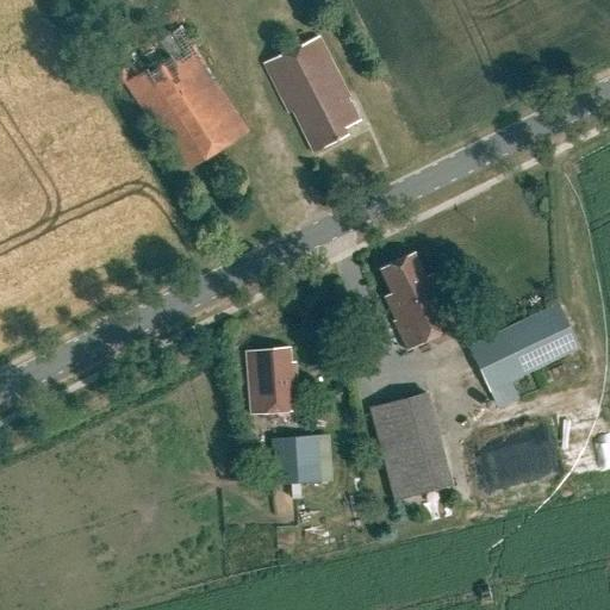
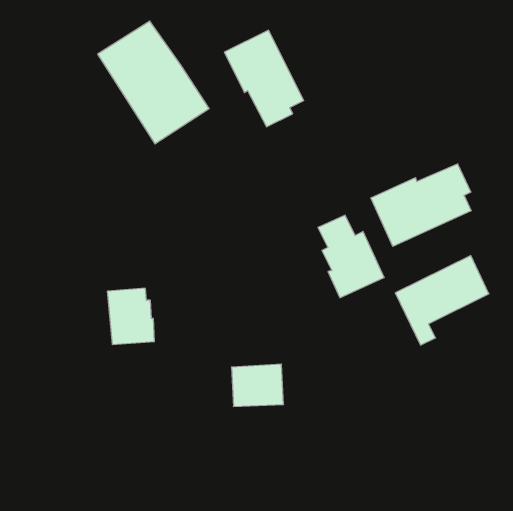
building: none -> [371,164,471,246]
building: [243,346,299,412] -> [107,288,154,345]
building: [368,391,453,500] -> none

